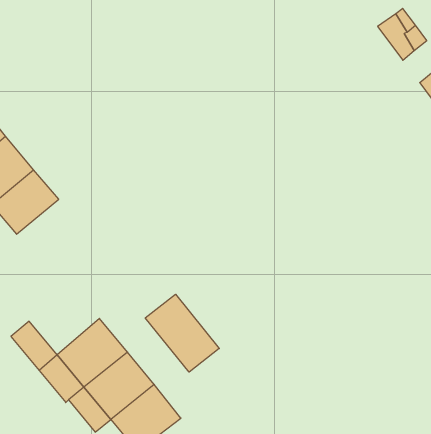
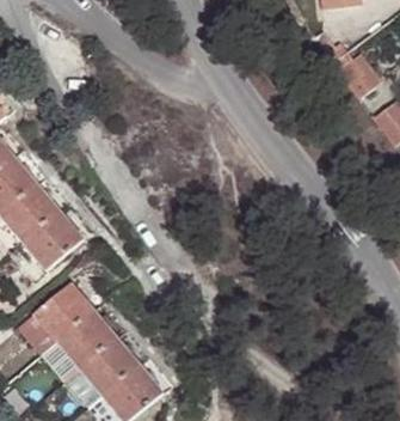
building: none -> [26,213,86,271]
building: none -> [37,287,97,346]
building: [145,294,219,372] -> none

